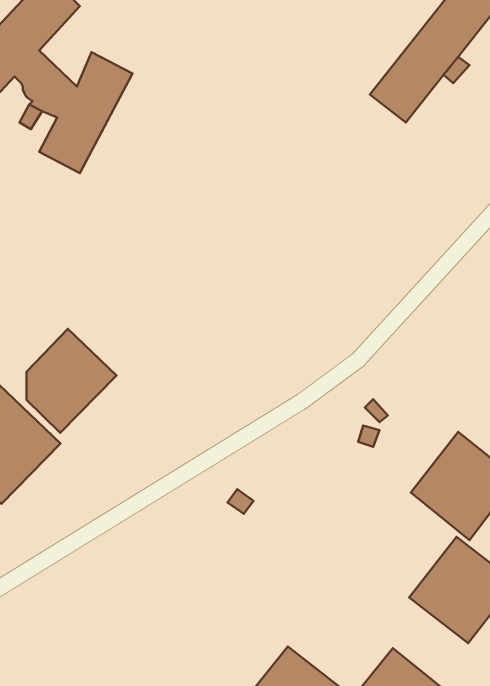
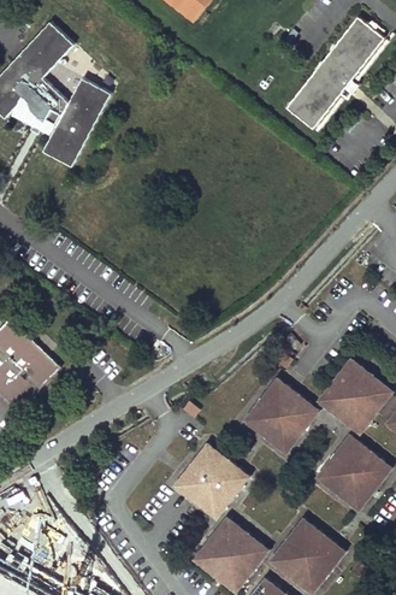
building: [26,329,116,433] -> none
building: none -> [241,378,320,456]
building: none -> [171,442,250,520]

